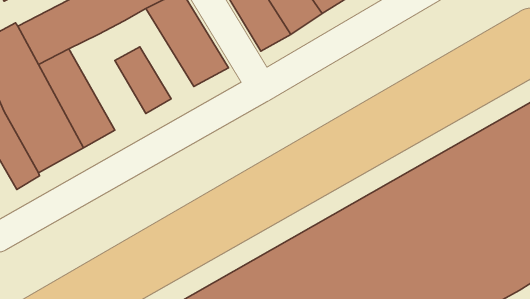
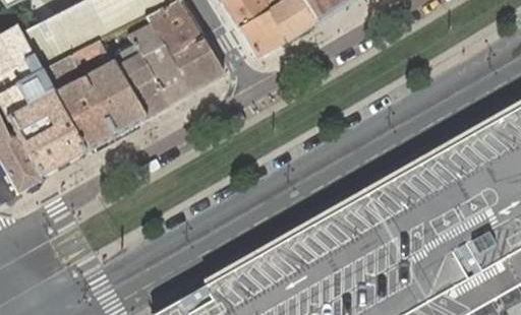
building: none -> [123,15,191,104]
building: none -> [69,41,144,134]

